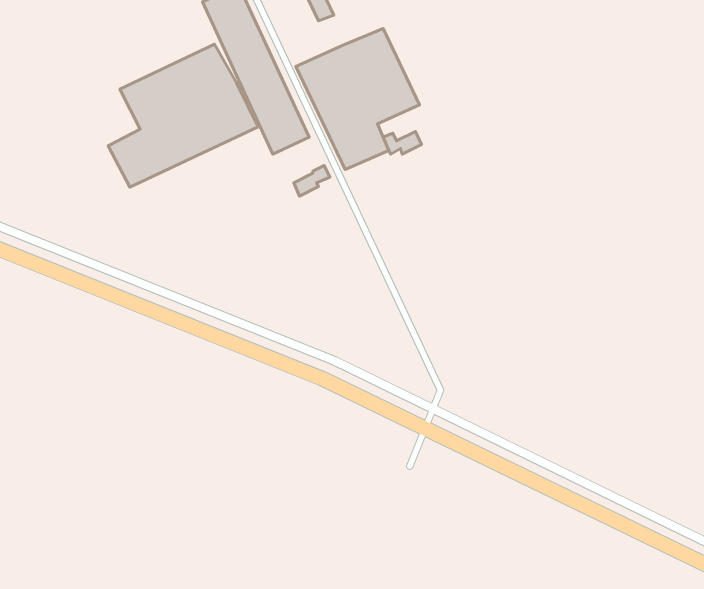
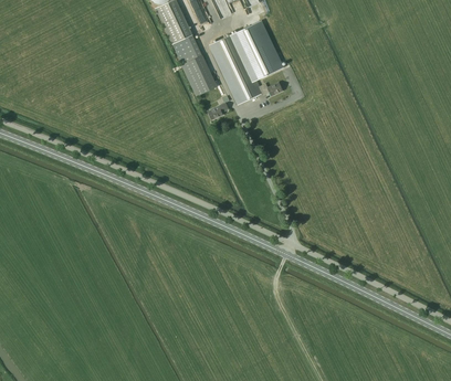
building: [108,44,258,187] -> none

